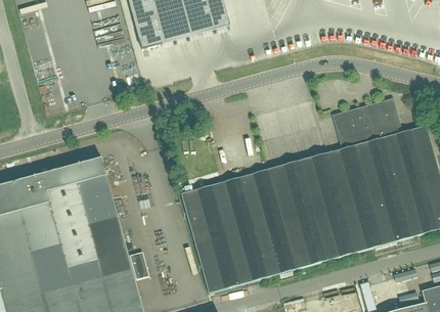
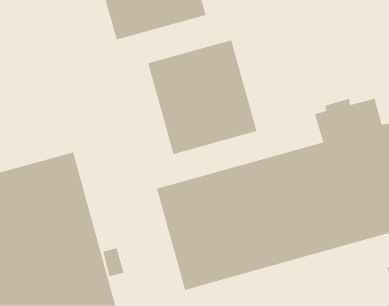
building: none -> [148,39,257,155]

